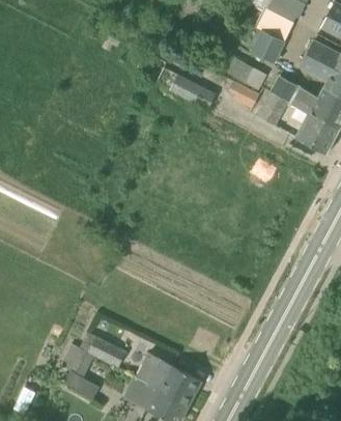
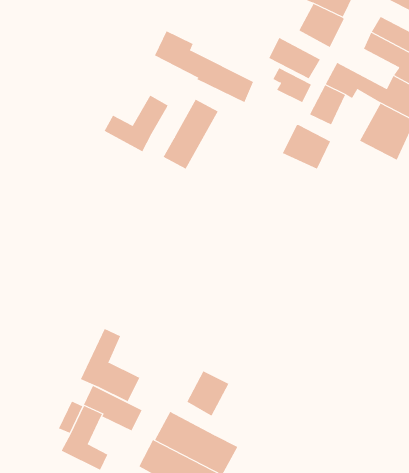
building: none -> [104,95,169,152]
building: none -> [163,99,219,169]
building: none -> [282,124,331,170]
building: none -> [80,328,140,403]
building: none -> [187,371,229,416]

